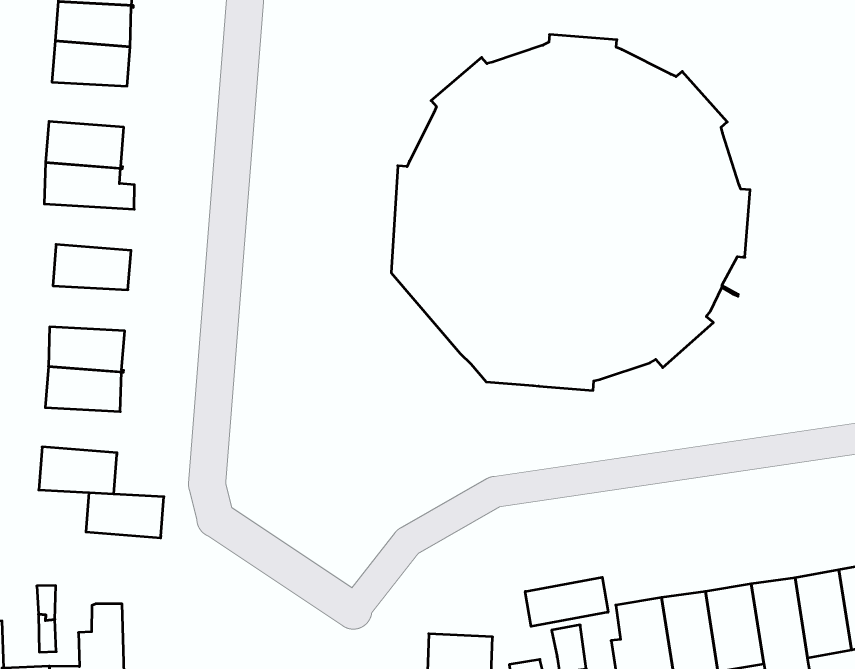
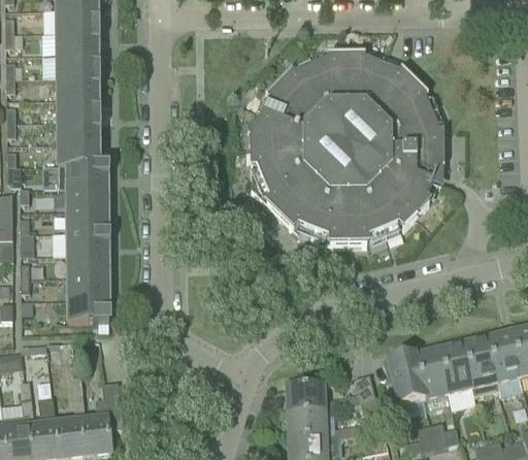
building: none -> [57,99,98,122]
building: none -> [58,166,107,190]
building: none -> [66,210,107,234]
building: [86,493,164,538] -> [67,277,108,300]
building: [525,577,608,626] -> none

